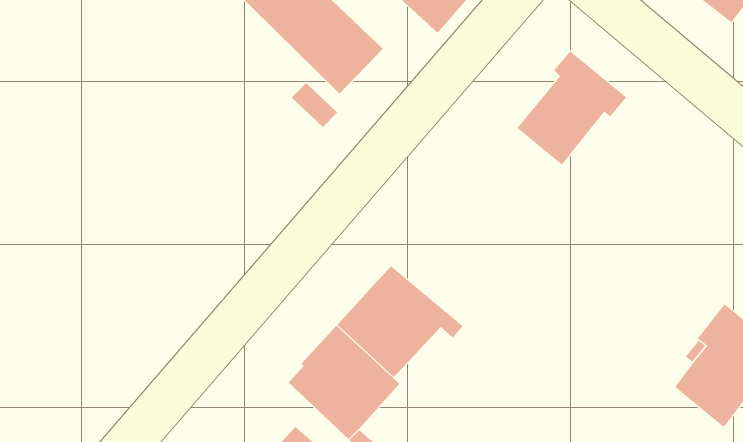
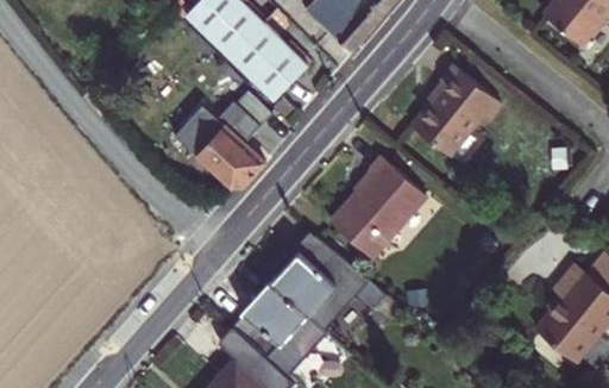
building: none -> [175,106,264,188]
building: none -> [329,158,425,259]

